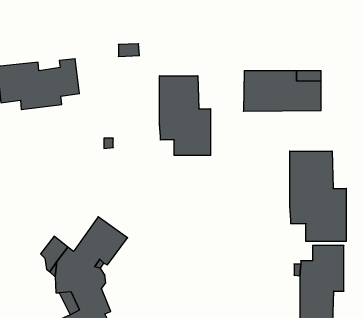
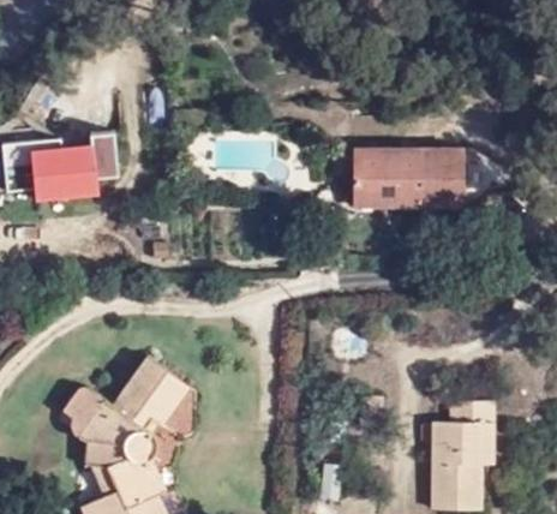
building: [160,76,211,155] -> none
building: [290,151,346,241] -> none

